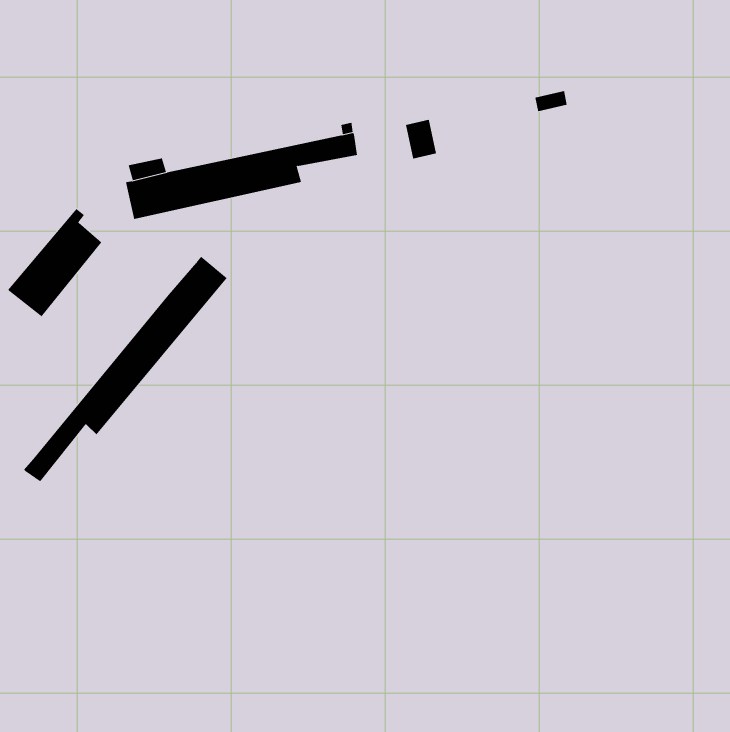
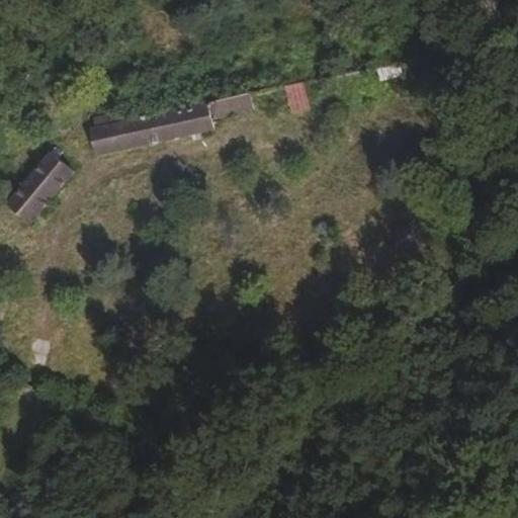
building: [24,256,227,482] -> none

